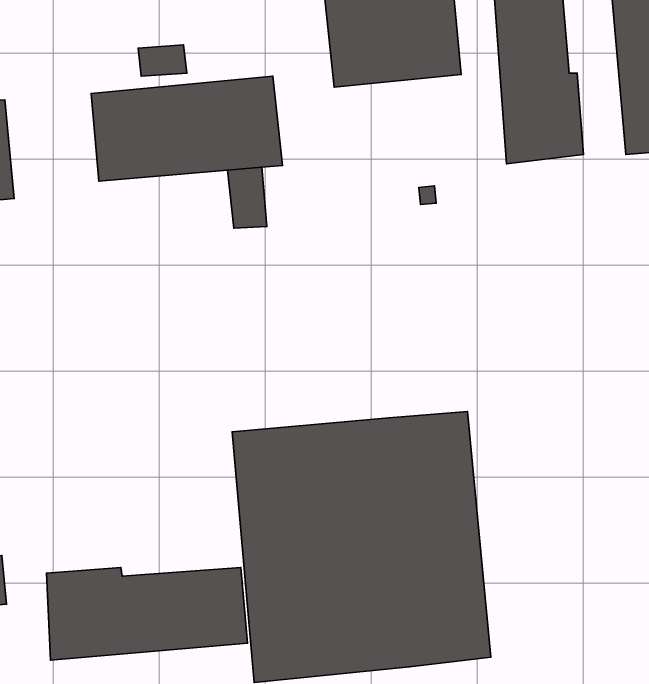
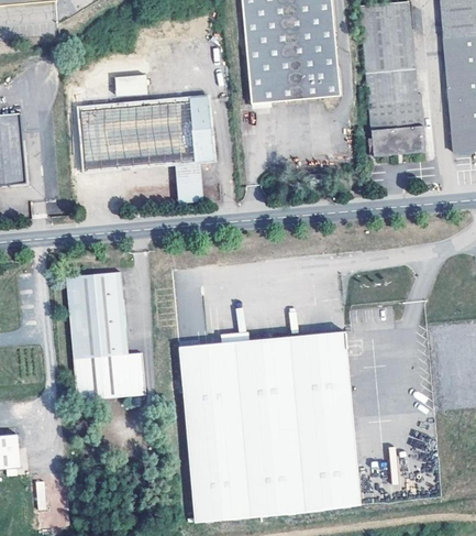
building: none -> [66,271,147,403]
building: [47,567,247,660] -> none

